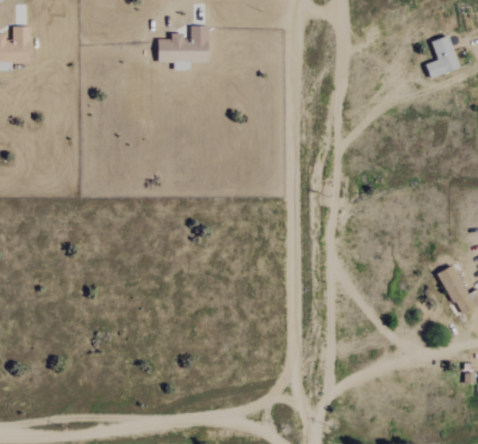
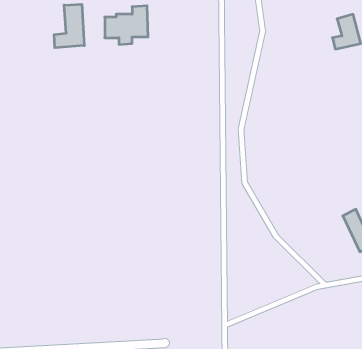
building: none -> [54,4,84,48]

